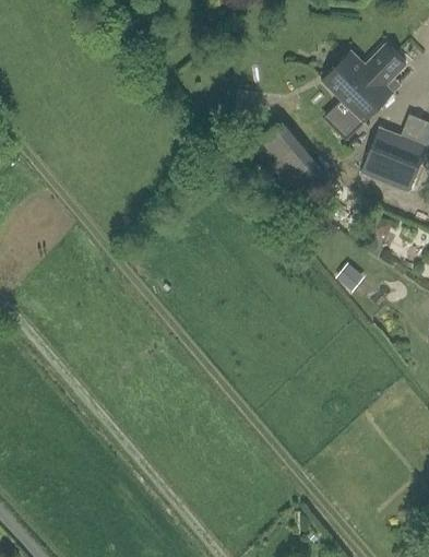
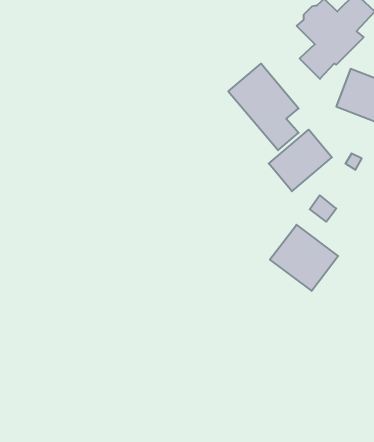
building: none -> [269,130,332,191]
building: none -> [270,225,338,291]

